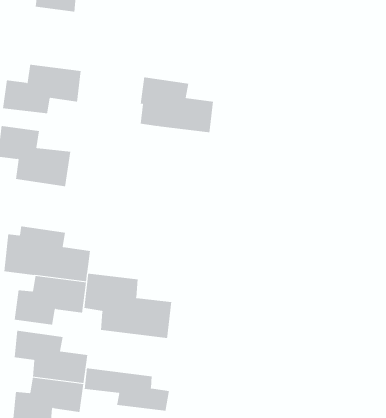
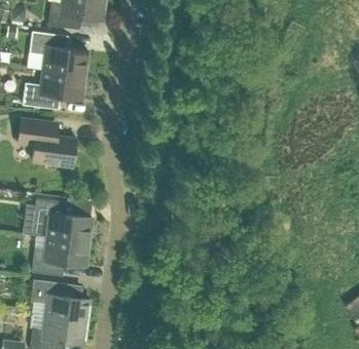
building: [140,77,214,133] -> [29,31,87,75]
building: [84,273,172,339] -> none
building: [84,367,169,411] -> none

